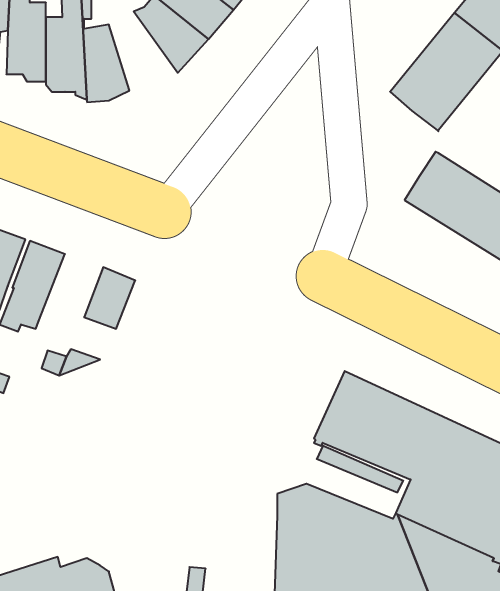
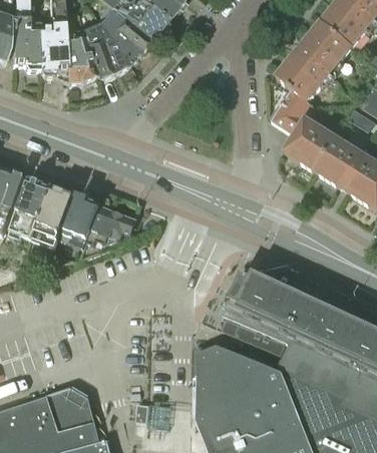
building: none -> [82,21,129,76]
building: none -> [272,89,315,134]
building: none -> [34,187,74,248]
building: none -> [86,205,132,249]

